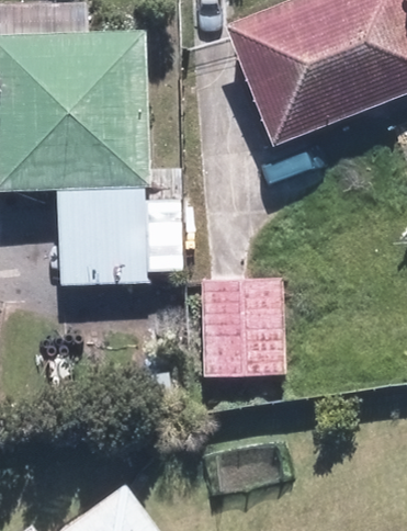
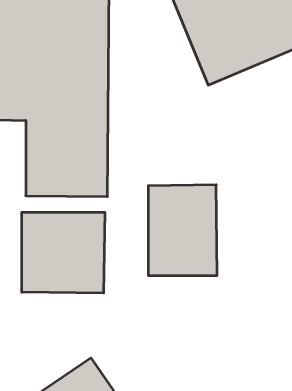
building: none -> [22,212,105,293]

